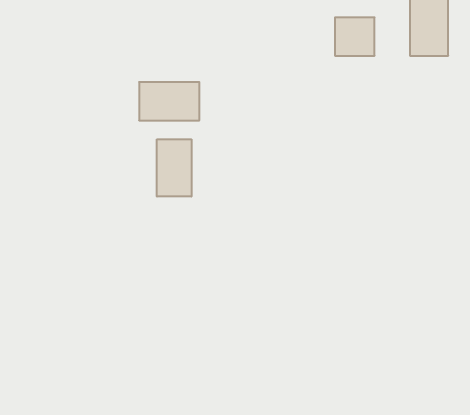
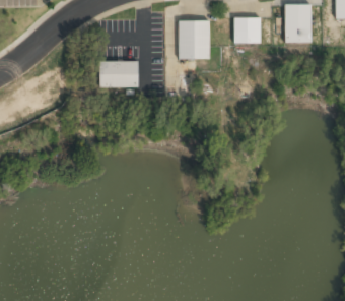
building: none -> [178,20,208,59]
building: [157,139,191,197] -> none

